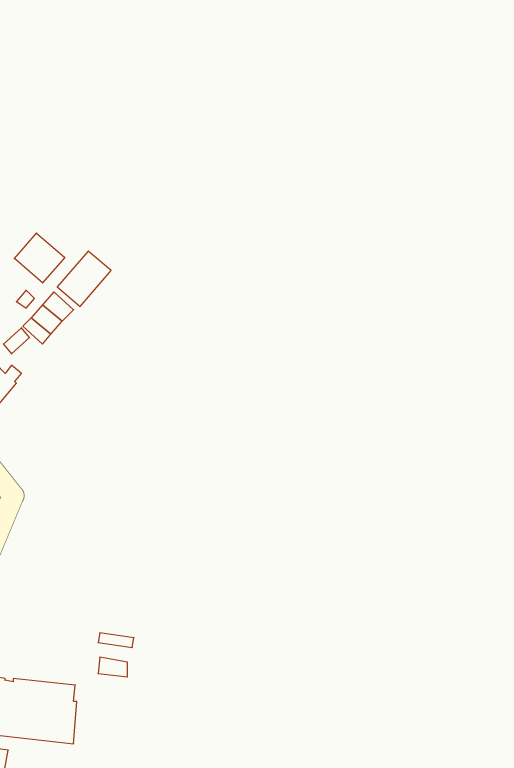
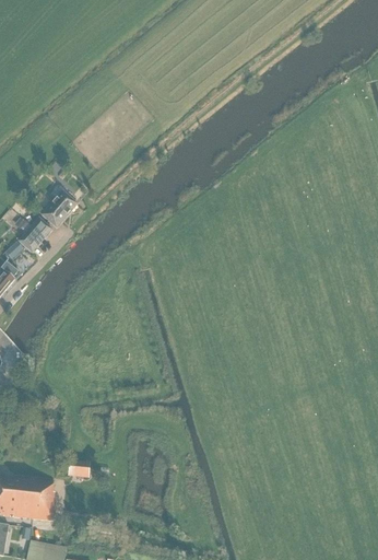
building: [14,233,65,283] -> none

